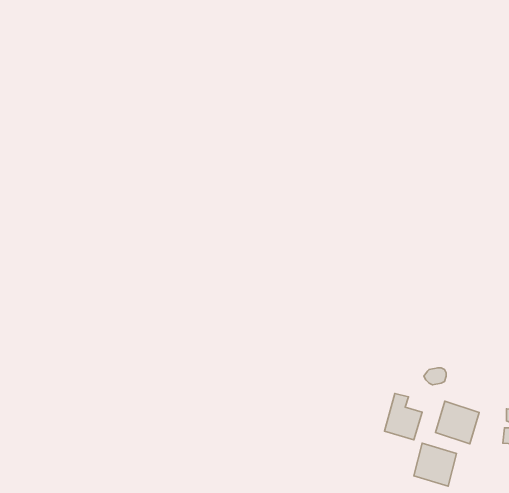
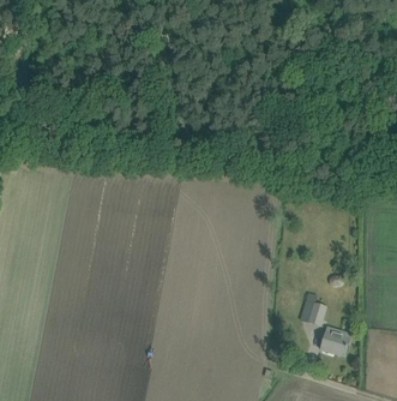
building: [435,401,479,444] -> none

